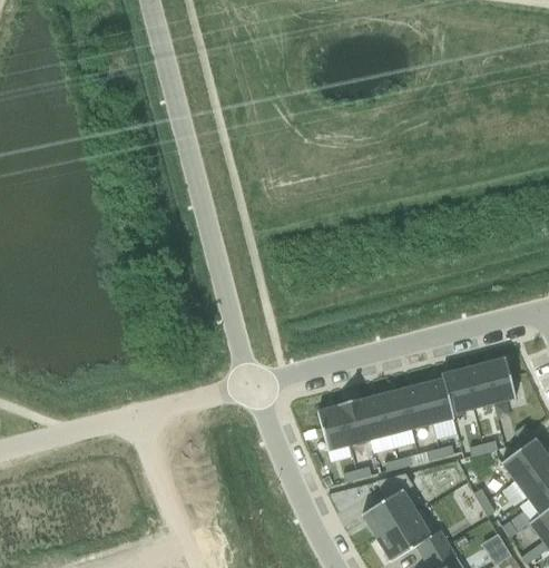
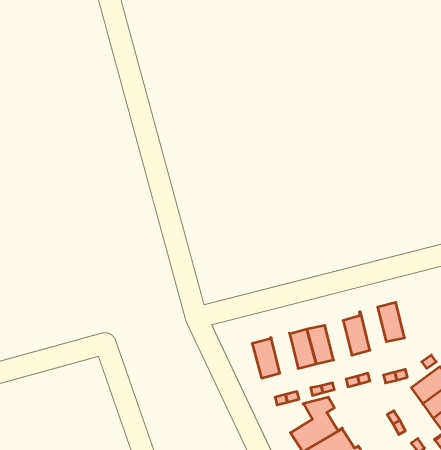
building: [484,356,516,403] -> none
building: [443,368,473,413] -> none
building: [402,383,433,429] -> none
building: [340,398,371,444] -> none

